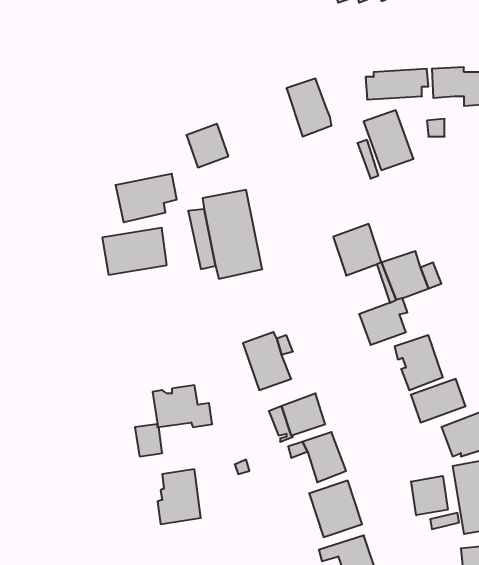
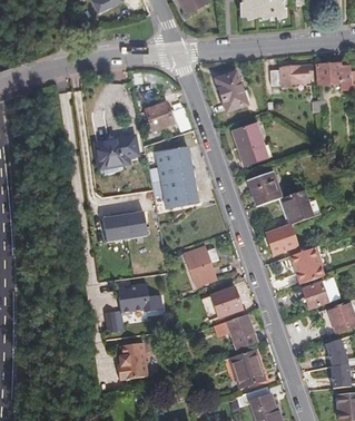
building: [363,110,414,170] -> [229,125,264,166]
building: [102,228,167,275] -> [105,209,149,242]
building: [411,476,448,515] -> none

